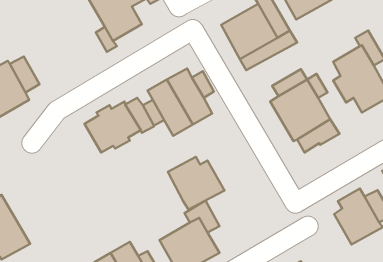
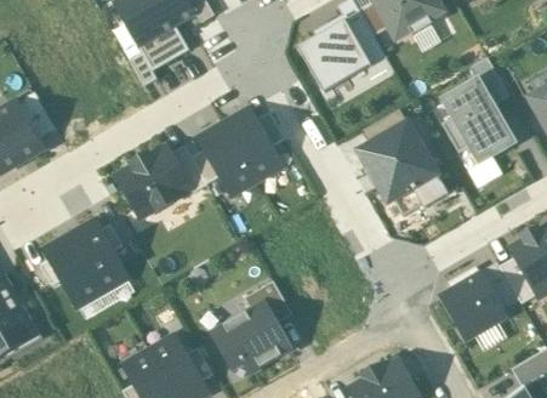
building: none -> [40,211,136,309]
building: [168,157,224,210] -> none

